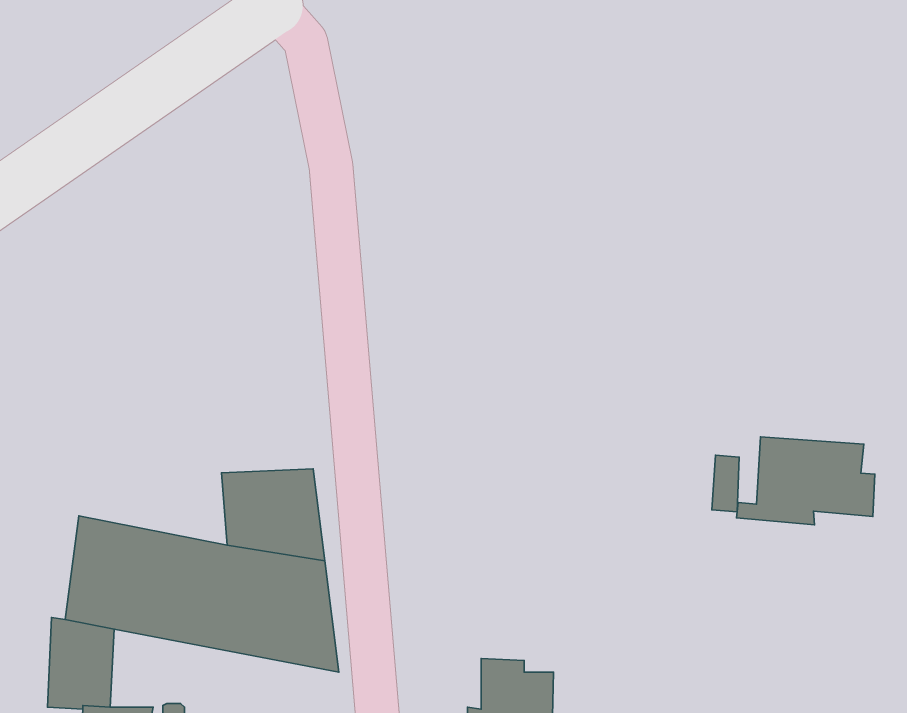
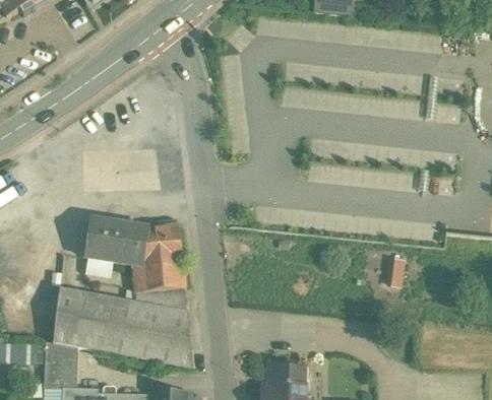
building: none -> [85,219,182,265]
building: [737,437,875,525] -> none

